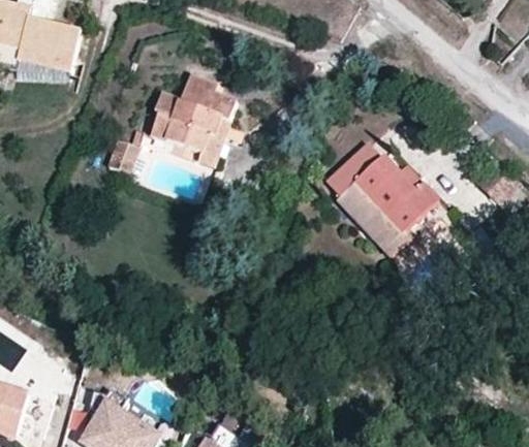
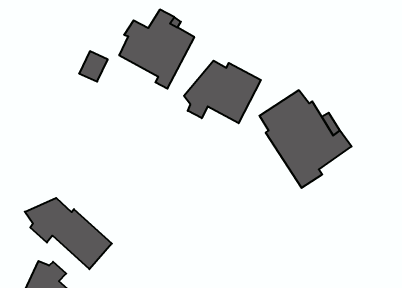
building: none -> [184,61,261,123]
building: none -> [25,198,112,269]

